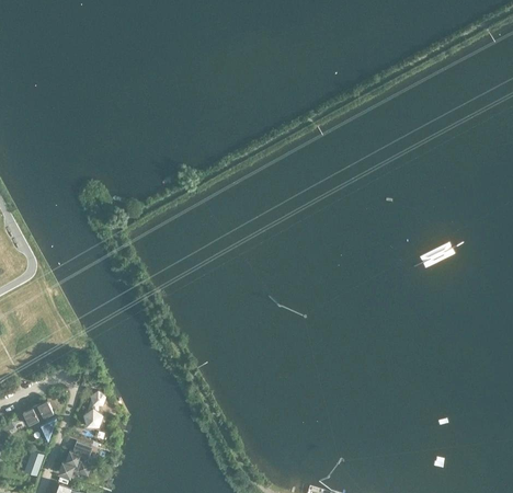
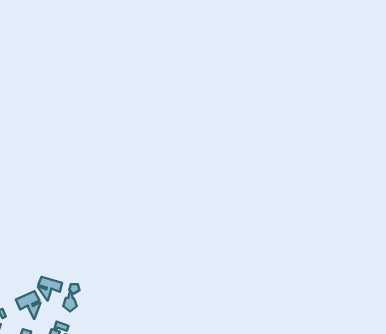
building: none -> [38,277,62,300]

